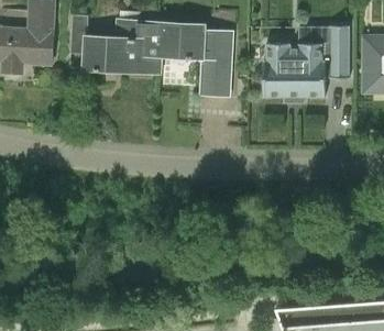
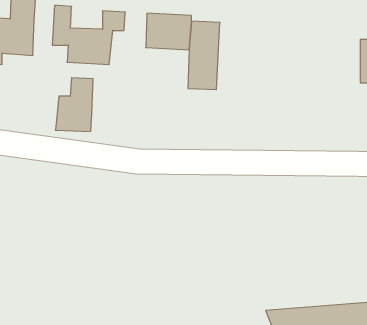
building: [124,22,161,74] -> [55,78,93,131]
building: [263,25,349,97] -> none

